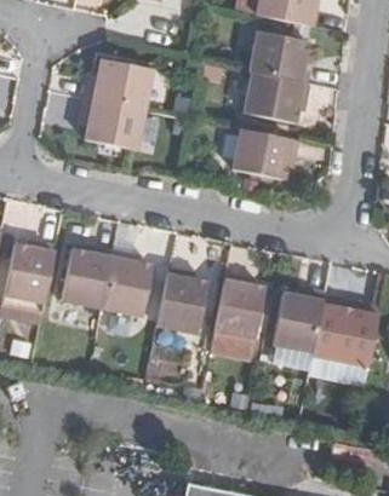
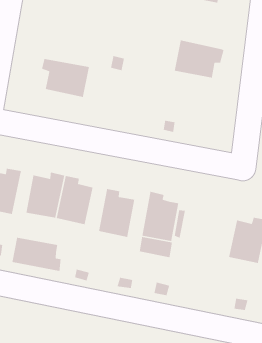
building: [262,35,324,87] -> none
building: [85,60,153,110] -> none
building: [245,132,311,183] -> none
building: [271,290,324,353] -> none
building: none -> [12,237,62,272]

